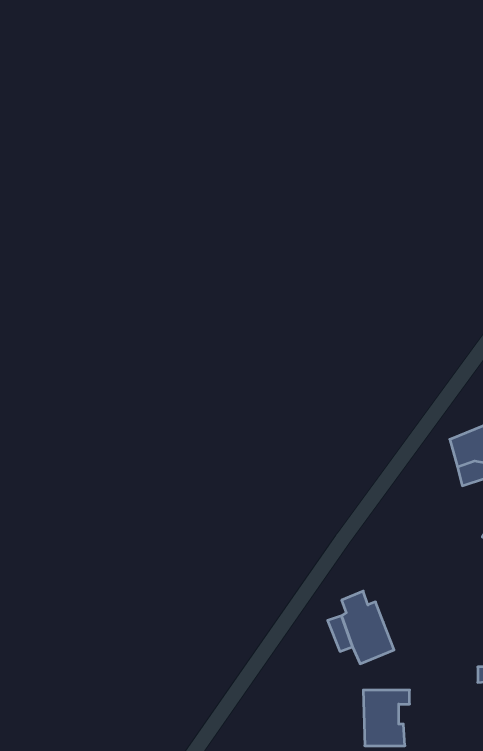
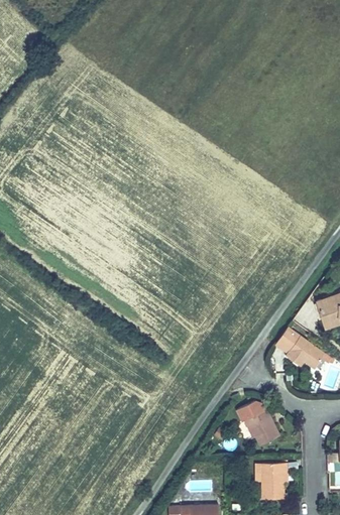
building: none -> [274,326,328,370]

